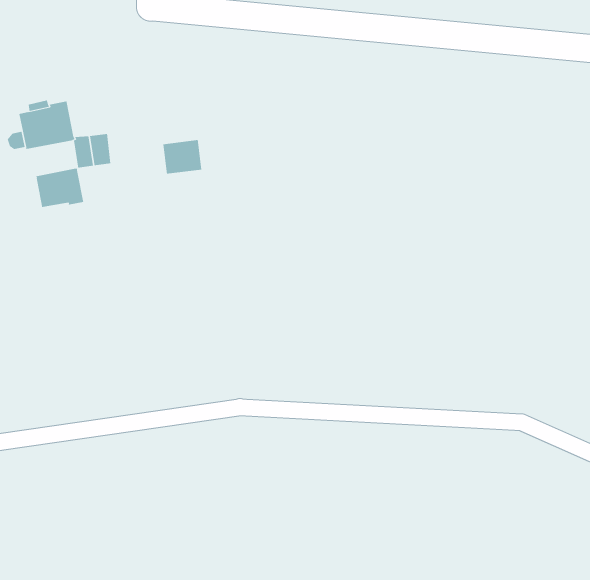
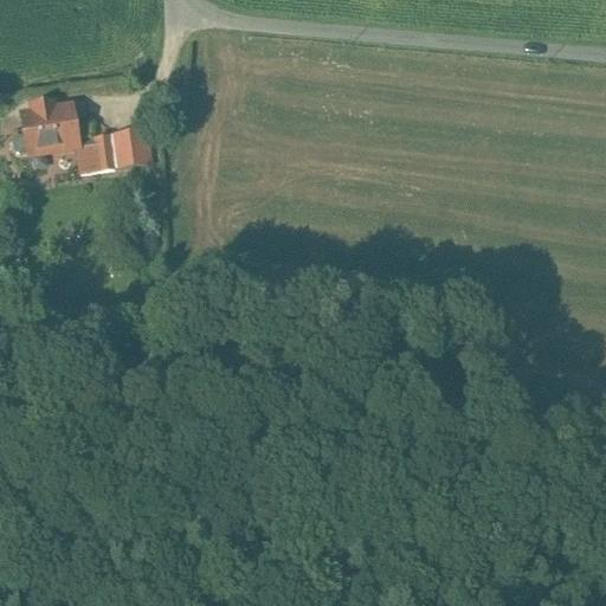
building: [163,140,202,174] -> [112,131,153,167]
building: [36,168,84,208] -> none

